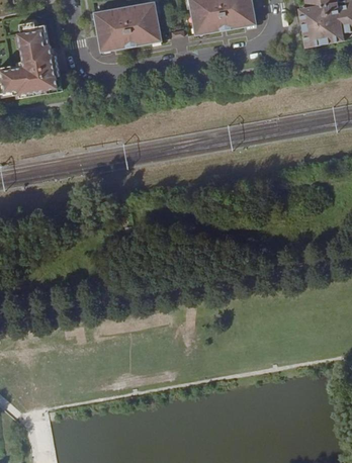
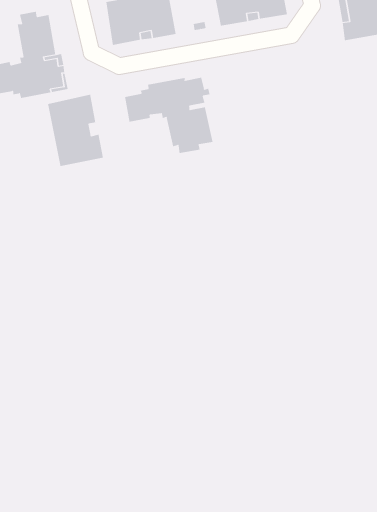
building: none -> [124,77,213,154]
building: none -> [47,94,104,167]

